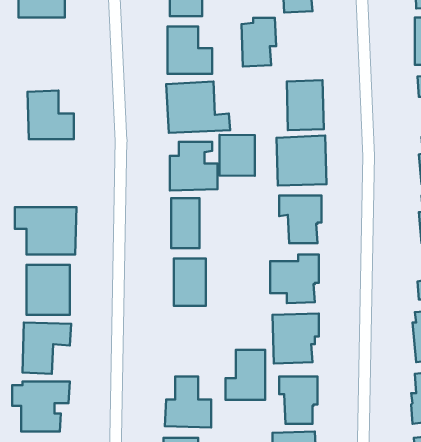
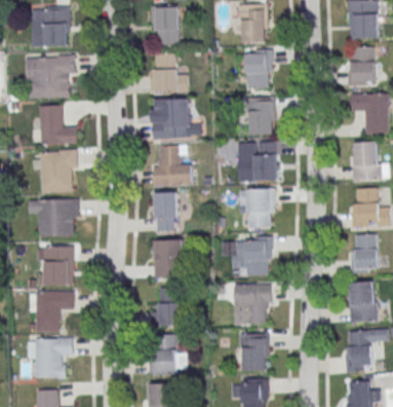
building: [242,18,276,67] -> [245,49,273,88]
building: none -> [24,54,73,98]
building: [220,135,255,176] -> none
building: none -> [38,150,76,192]
building: [226,350,265,400] -> [150,287,182,327]

